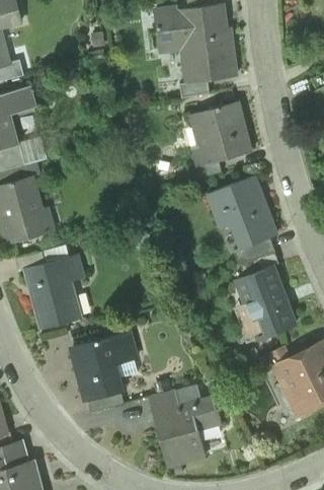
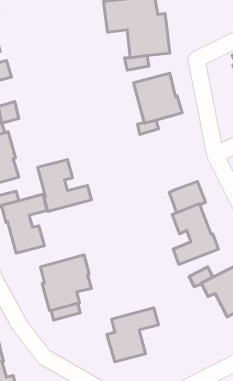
building: [209,177,277,249] -> none
building: none -> [38,160,92,212]
building: [277,379,308,416] -> none
building: [150,390,181,416] -> none

